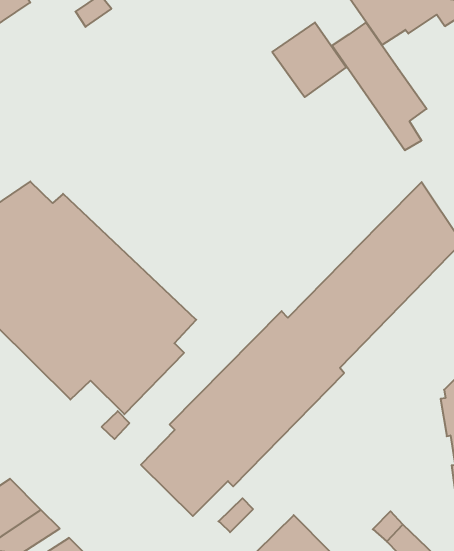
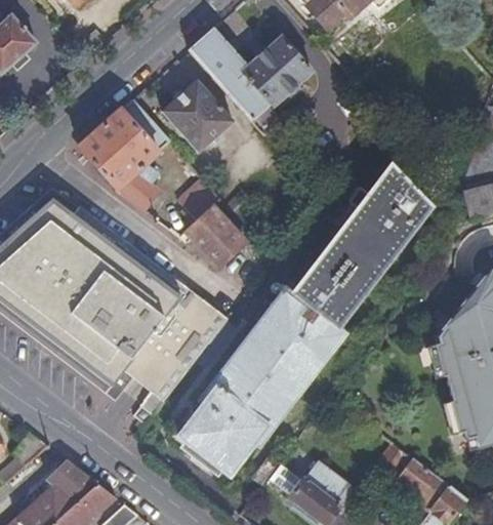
building: [332,22,427,150] -> [190,27,278,133]
building: none -> [158,78,235,154]
building: none -> [80,99,171,210]
building: none -> [180,177,248,268]

